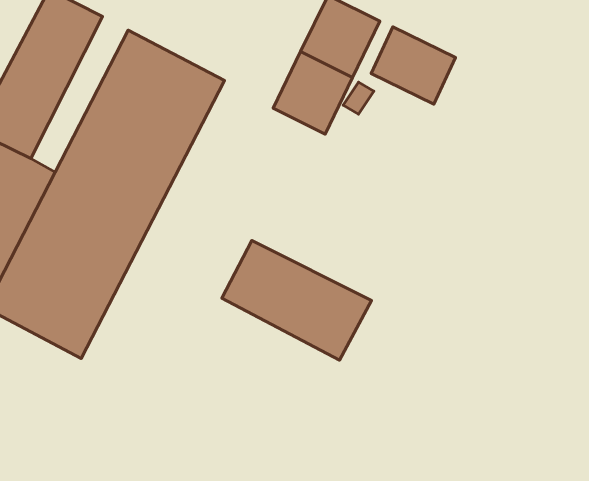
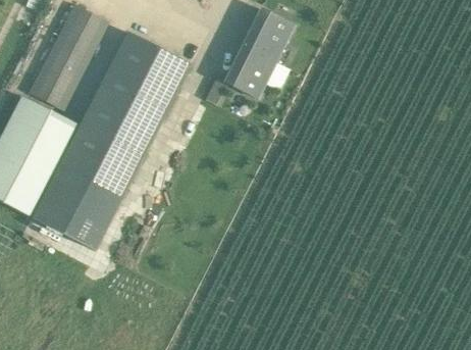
building: [371,27,456,104] -> none
building: [222,240,372,360] -> none

